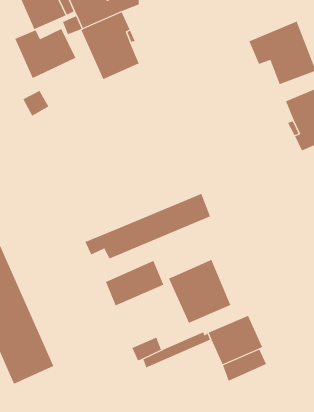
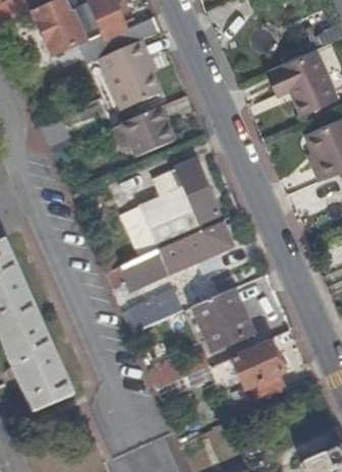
building: [15,28,76,79] -> none
building: none -> [122,107,173,157]
building: none -> [121,161,222,256]

